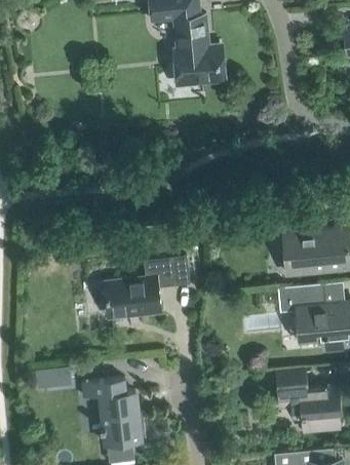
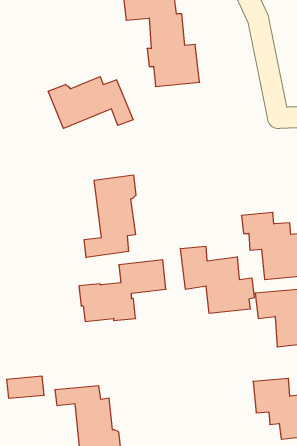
building: none -> [48,77,133,128]
building: none -> [84,175,136,258]
building: none -> [180,246,254,313]

